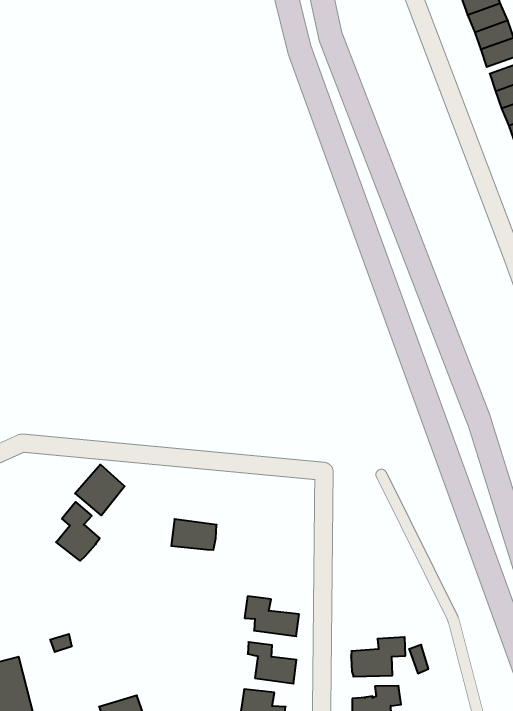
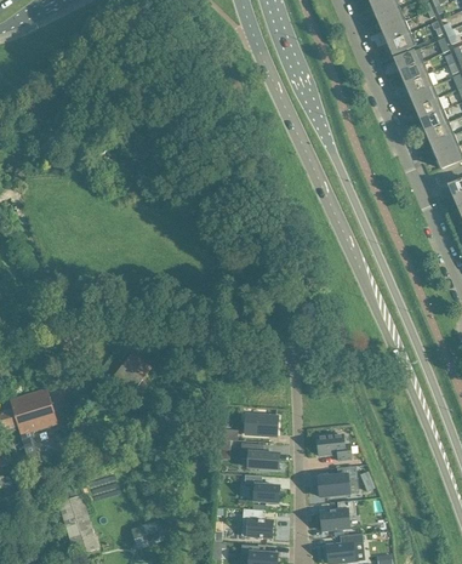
building: [56,502,100,561] -> none
building: [171,519,217,550] -> [245,415,276,435]
building: none -> [316,434,349,461]

